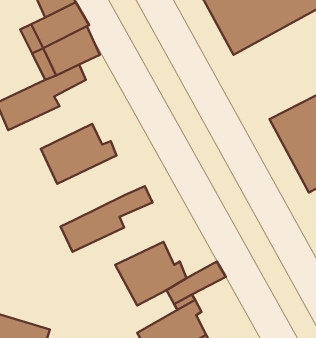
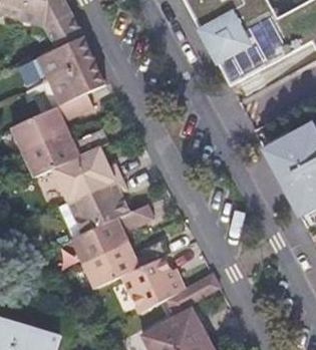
building: none -> [23,128,111,179]
building: none -> [68,177,130,236]
building: none -> [82,240,171,290]

